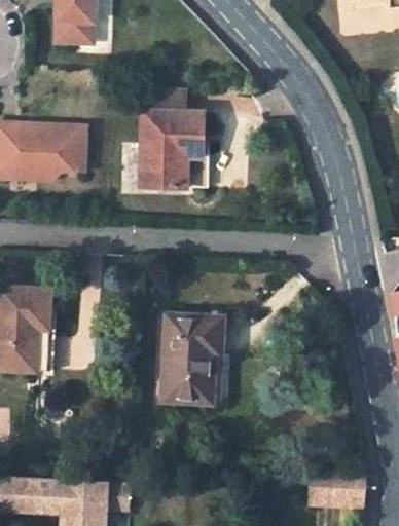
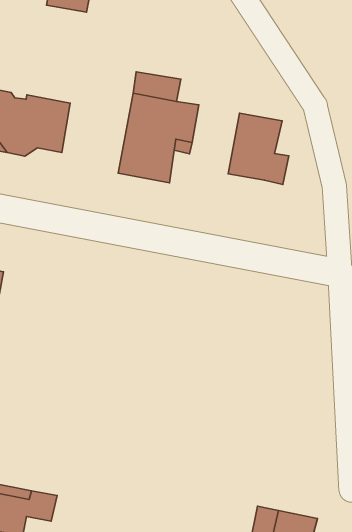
building: none -> [228,113,289,184]
building: [161,314,221,402] -> none

